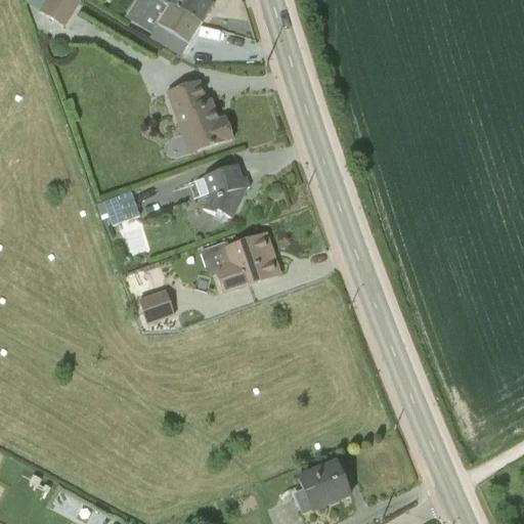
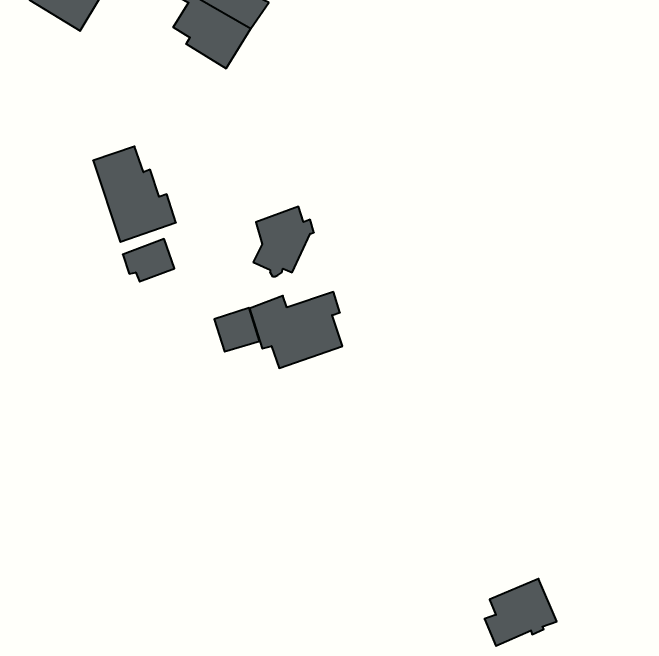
building: [167,78,232,154] -> [93,146,176,242]
building: [138,289,174,323] -> [214,308,259,352]
building: [293,460,350,513] -> [484,579,557,646]

